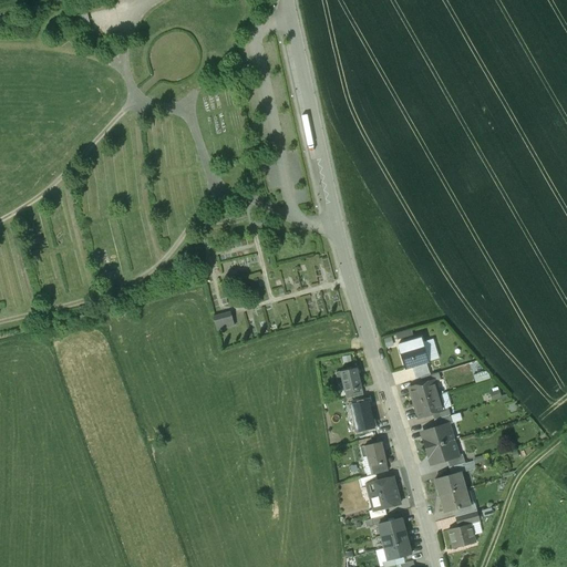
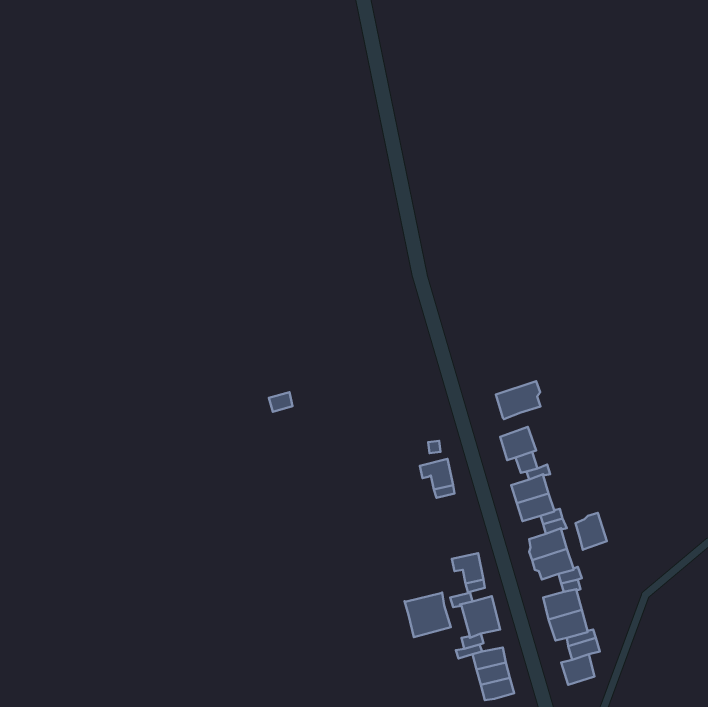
building: none -> [496,381,540,419]
building: [348,400,374,431] -> none
building: none -> [575,513,607,550]
building: none -> [404,592,451,637]

